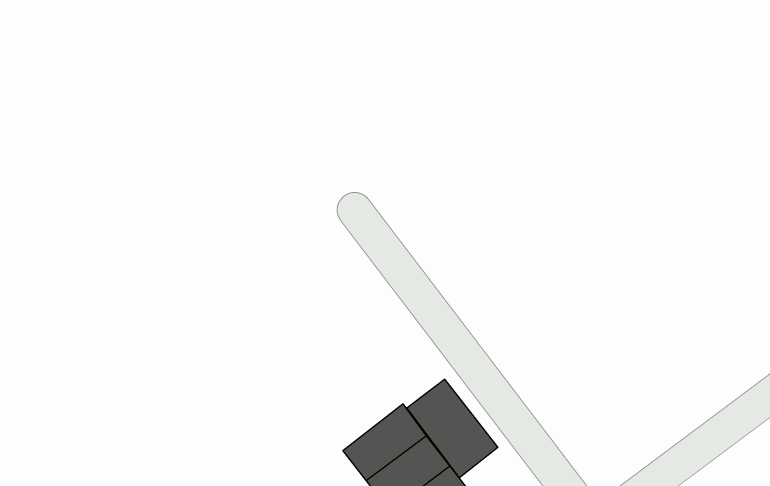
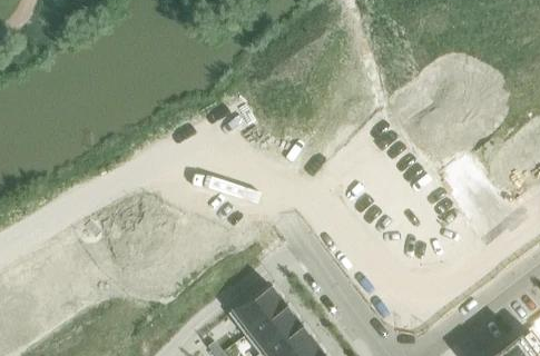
building: [407,379,498,478] -> none

